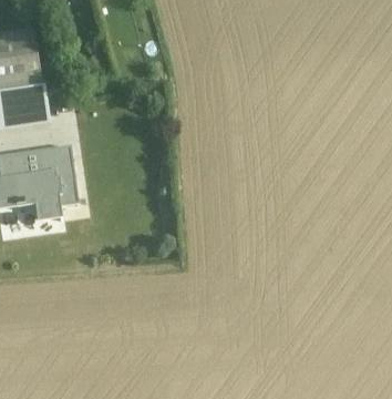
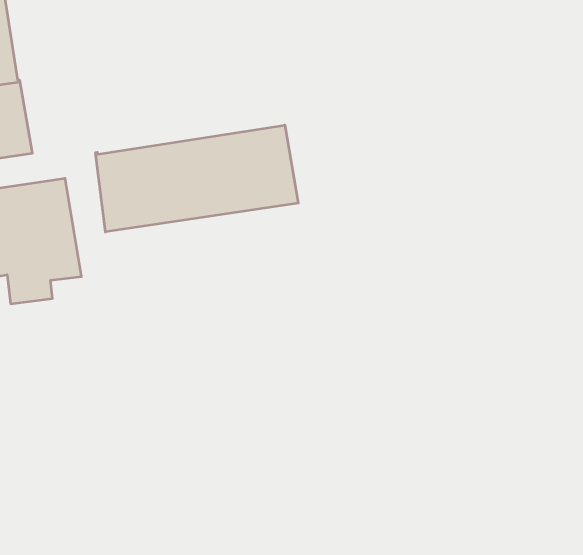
building: none -> [96,125,298,232]

